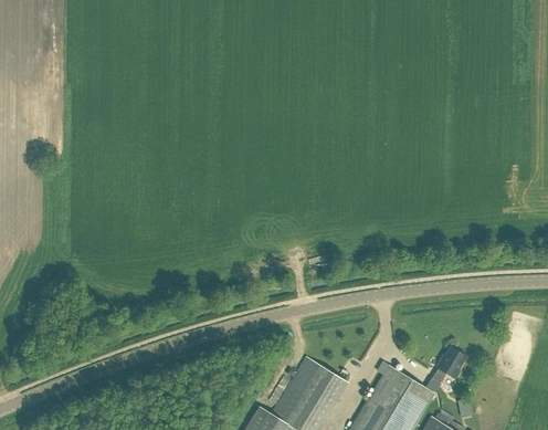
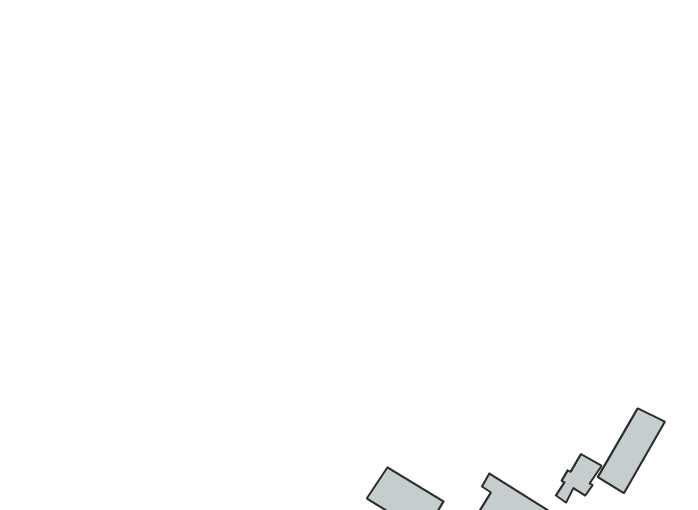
building: none -> [598,408,665,493]

